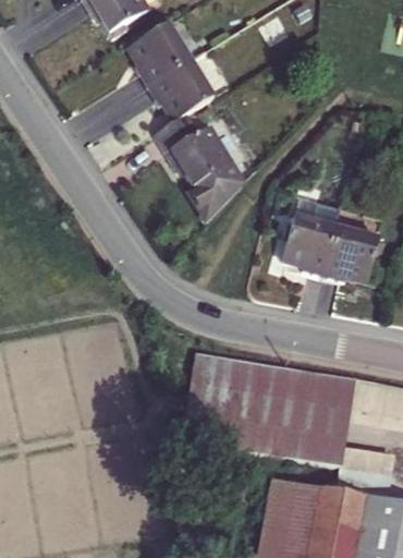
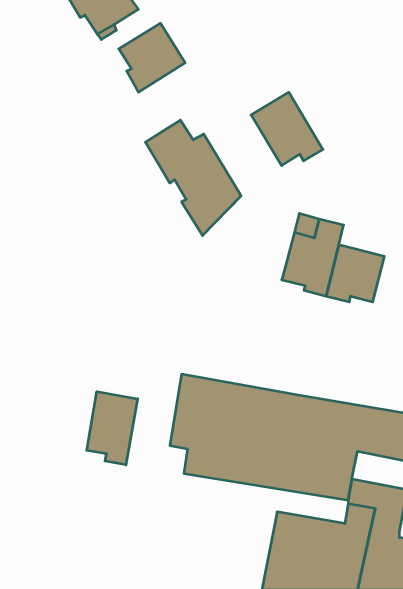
building: [147,59,213,120] -> none
building: none -> [251,92,323,166]
building: none -> [87,392,138,465]

